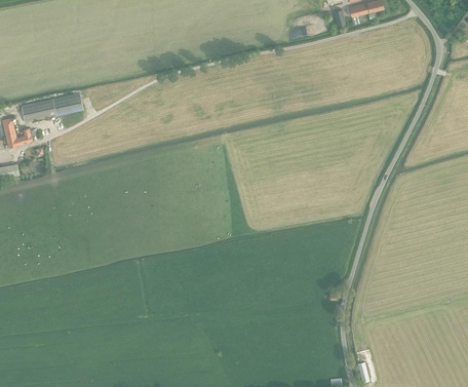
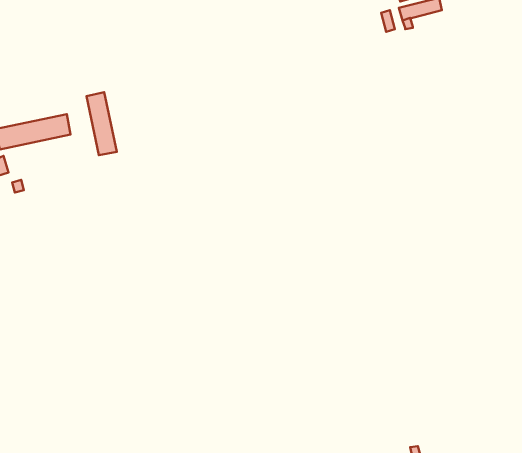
building: none -> [87,92,117,155]

